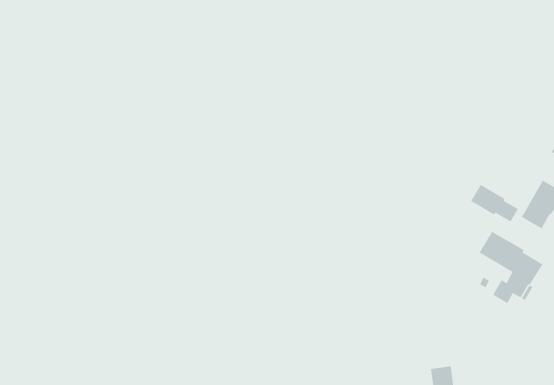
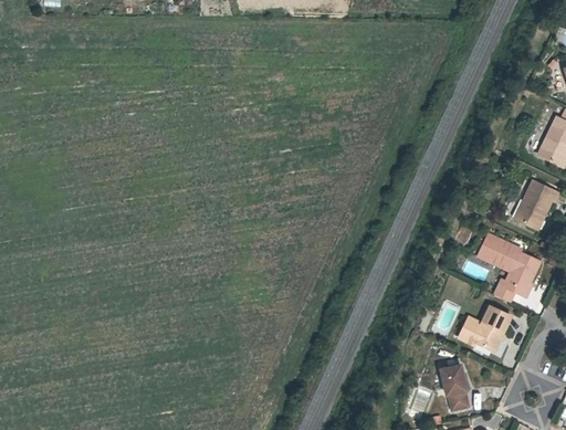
building: [470,184,519,223] -> none
building: none -> [463,307,512,352]

